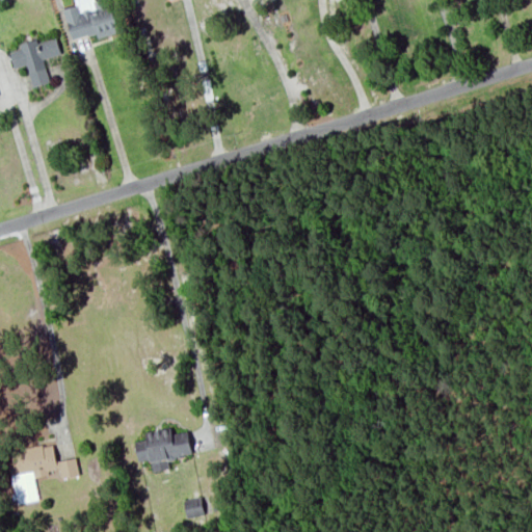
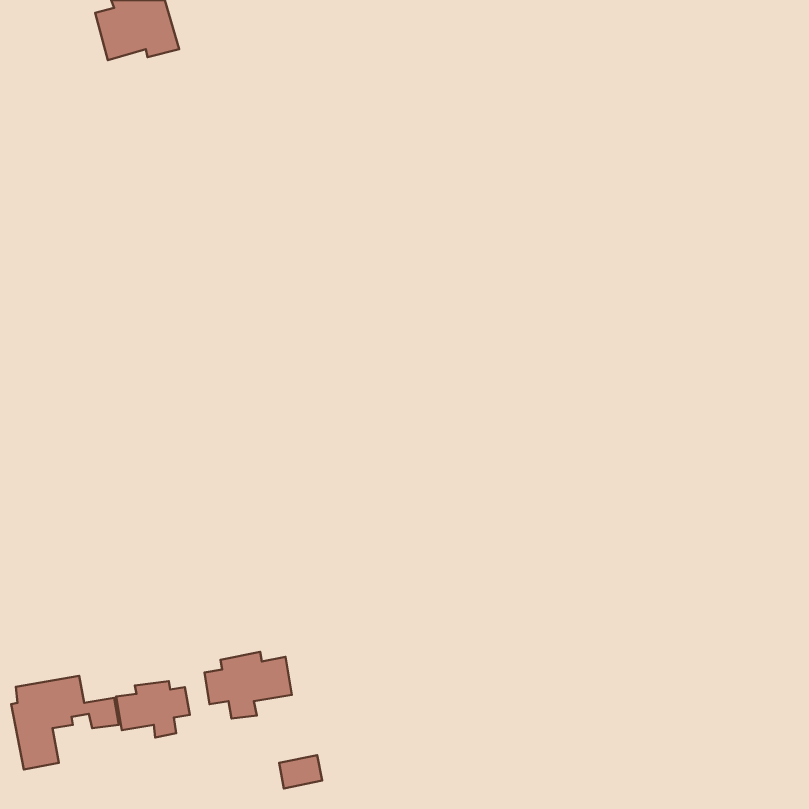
building: [8,38,60,87] -> none
building: none -> [116,681,190,737]

